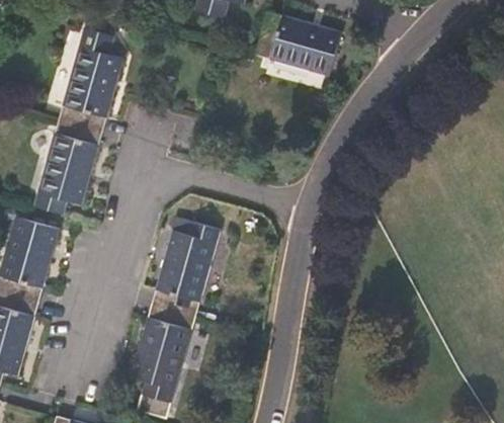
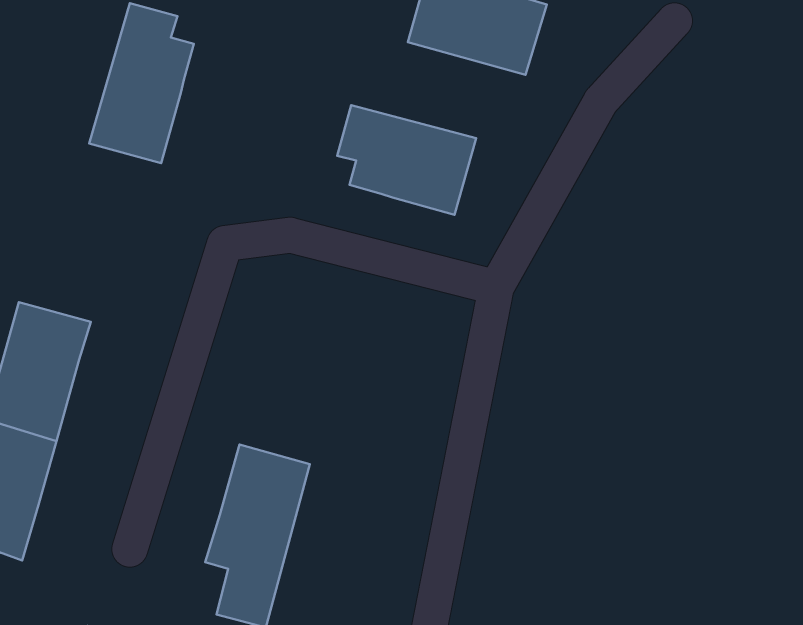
building: none -> [337,105,476,215]
building: [34,118,103,214] -> none
building: [152,222,220,317] -> none

